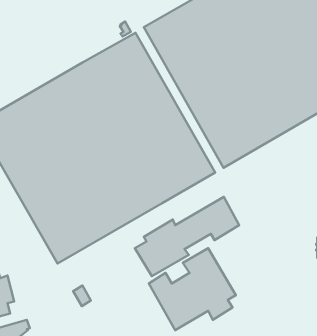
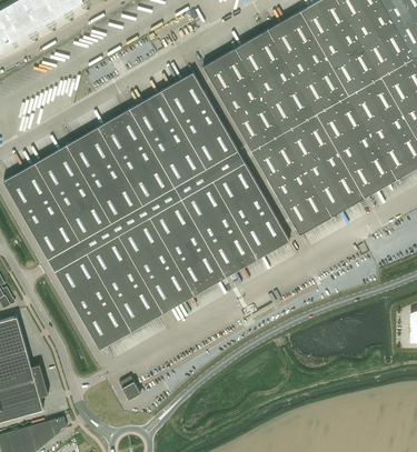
building: [135,197,239,276] -> none
building: [149,248,236,330] -> none

